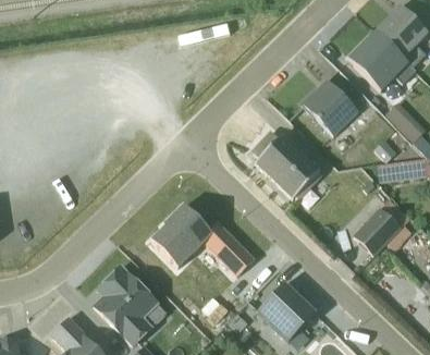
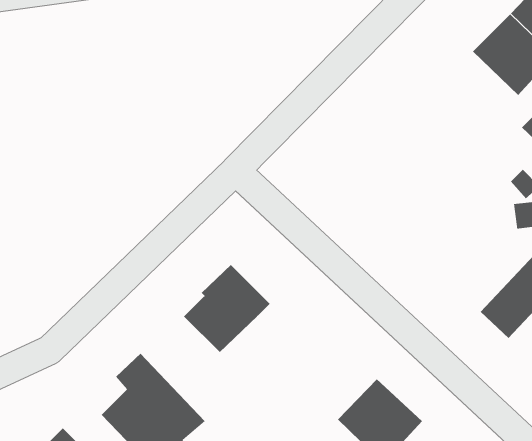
building: [300,78,359,136] -> none
building: [253,133,321,199] -> none
building: [201,223,254,277] -> none

